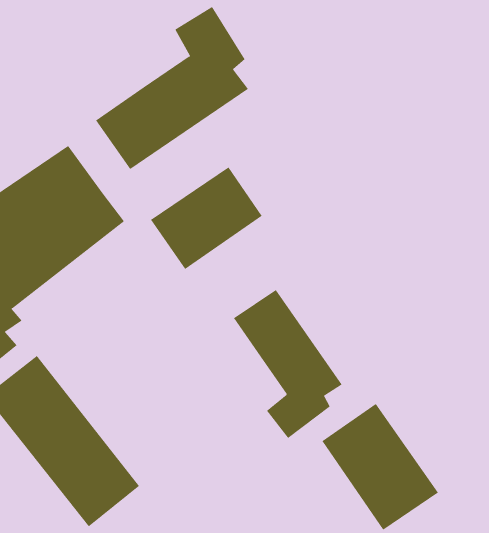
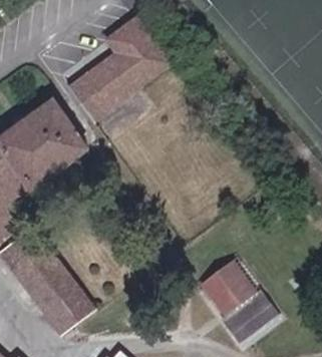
building: [150,166,262,270] -> none
building: [233,289,343,439] -> none

